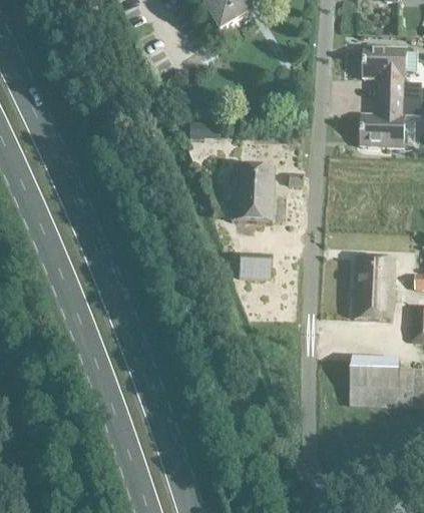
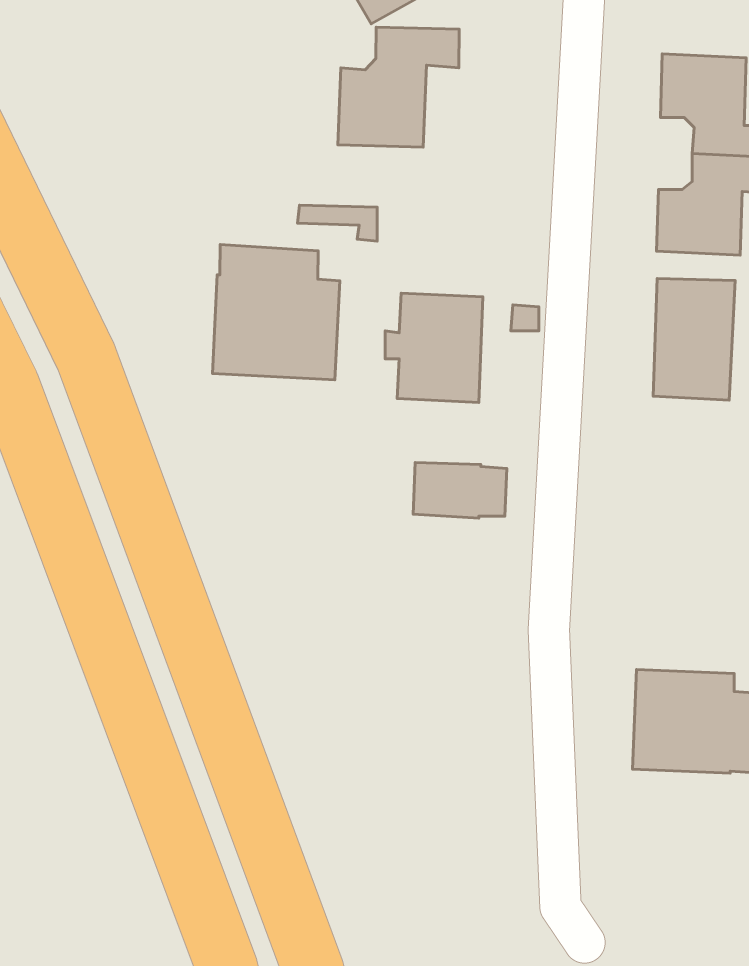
building: none -> [338,27,459,147]
building: none -> [212,245,340,380]
building: [354,259,395,320] -> [653,279,735,400]

